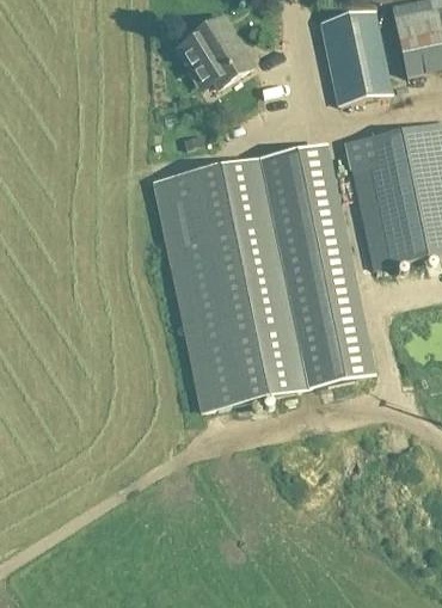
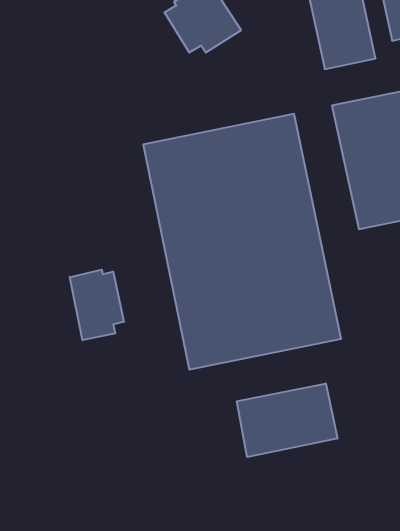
building: none -> [70,270,124,340]
building: none -> [237,383,337,457]

